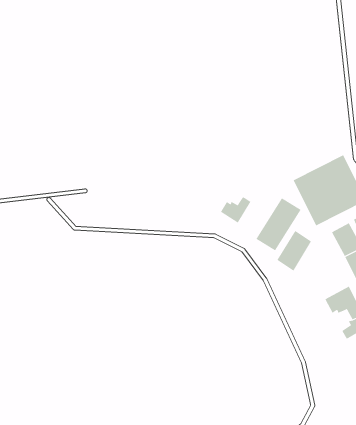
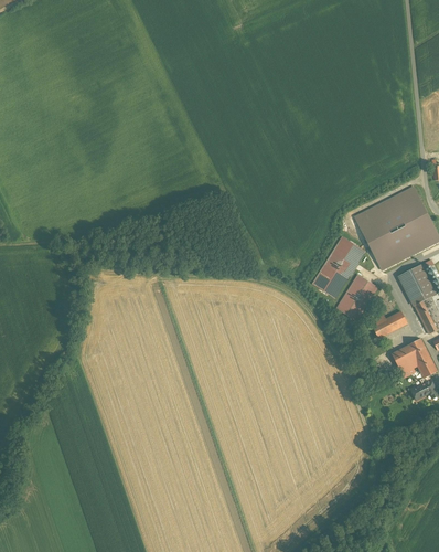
building: [220,197,251,224] -> none
building: none -> [370,311,407,338]

